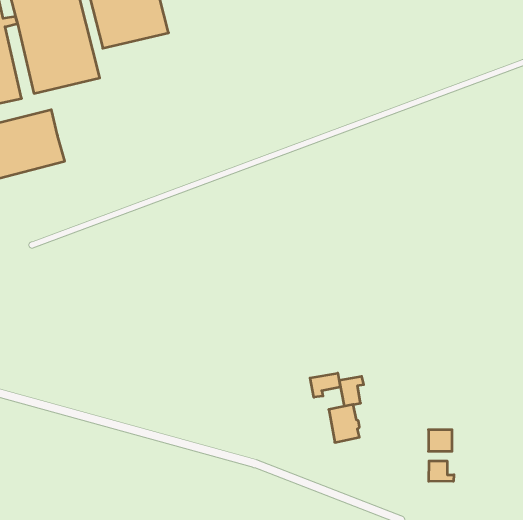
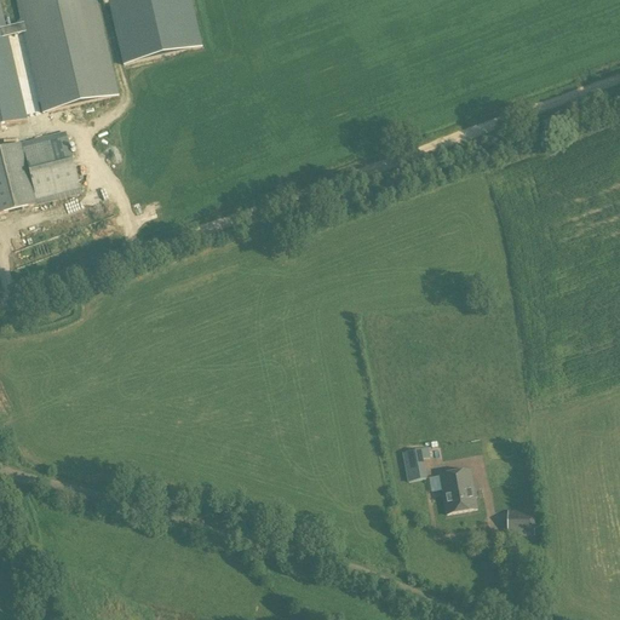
building: [310,373,340,397] -> none
building: [329,404,359,442] -> [440,469,476,513]
building: [429,461,454,481] -> none

